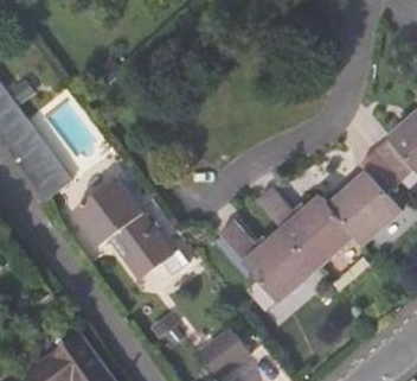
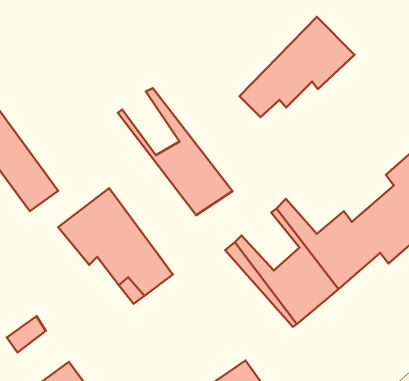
building: none -> [240,17,355,117]
building: none -> [118,88,232,215]

